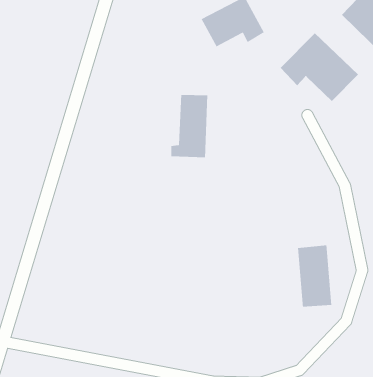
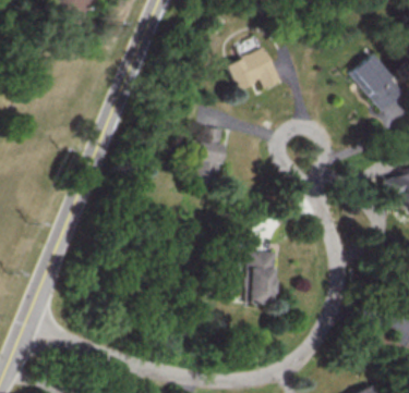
building: [280,32,359,102] -> none
building: [297,244,332,307] -> [252,251,279,305]

